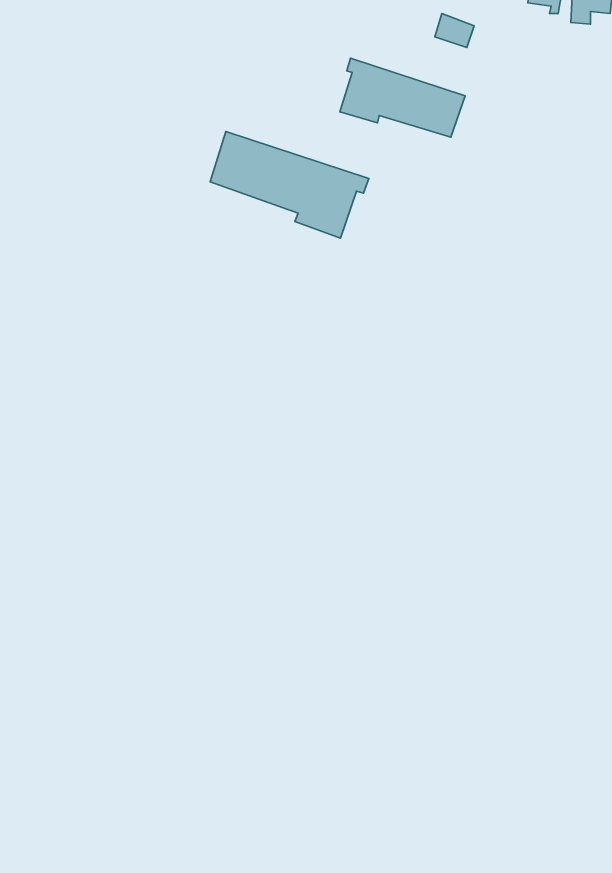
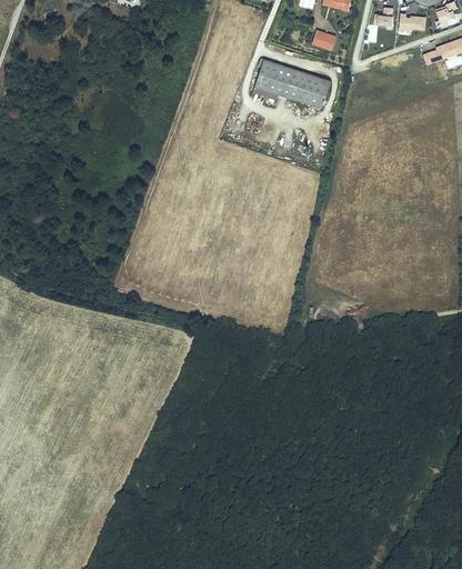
building: [210,131,369,238] -> none

